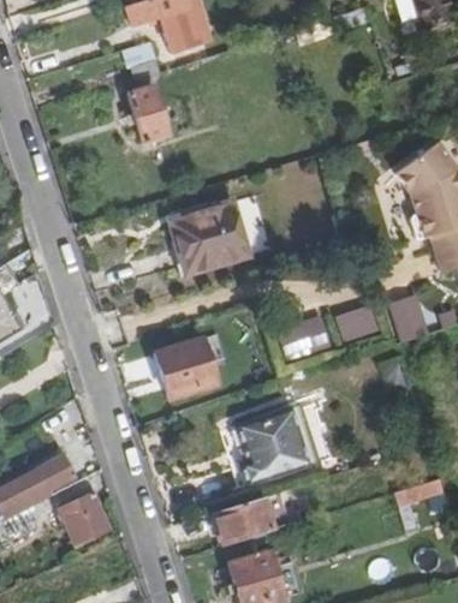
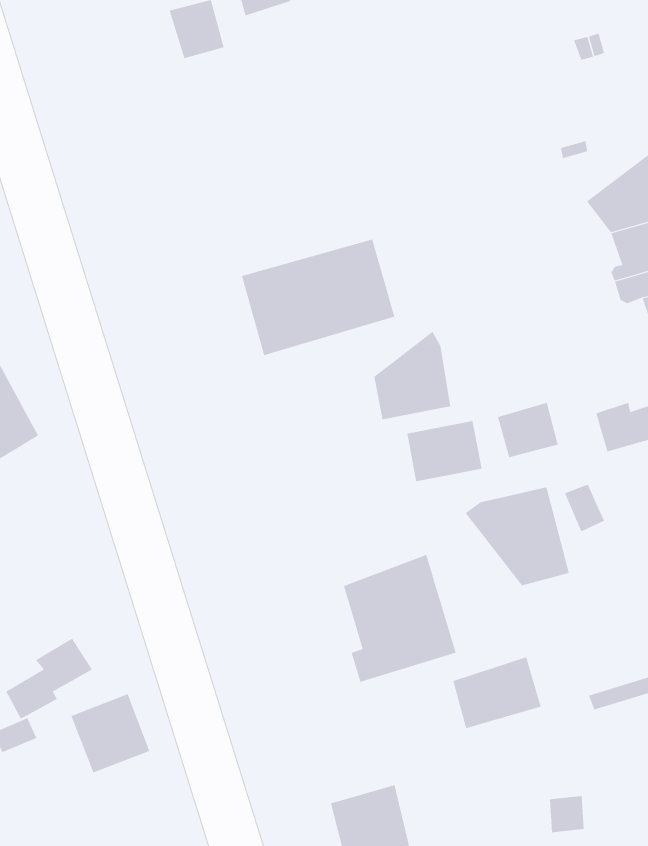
building: [127,84,168,141] -> none
building: none -> [374,331,451,420]
building: [155,339,214,396] -> none
building: none -> [465,487,570,586]
building: [213,497,270,544] -> [453,657,542,729]

